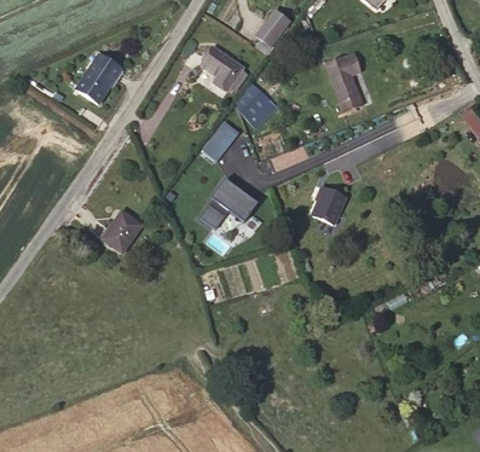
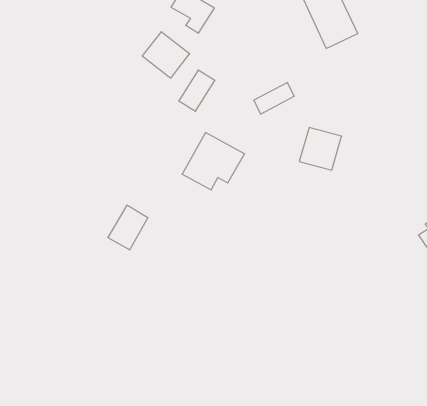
building: [76,53,121,102] -> none
building: [232,82,276,126] -> [142,32,190,78]
building: [102,209,140,250] -> [108,205,148,250]

